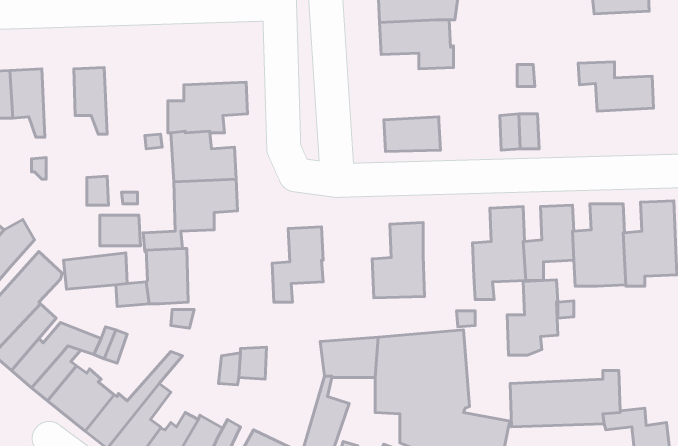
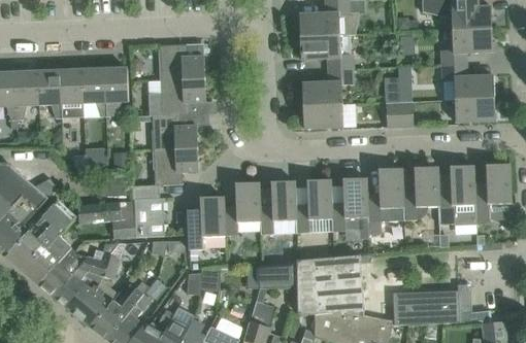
building: none -> [440,28,492,65]
building: none -> [158,43,204,80]
building: none -> [103,67,128,115]
building: none -> [301,68,353,105]
building: none -> [59,69,83,117]
building: none -> [454,97,494,122]
building: none -> [258,180,295,234]
building: none -> [187,196,224,249]
building: [507,280,558,355] -> [330,177,366,231]

